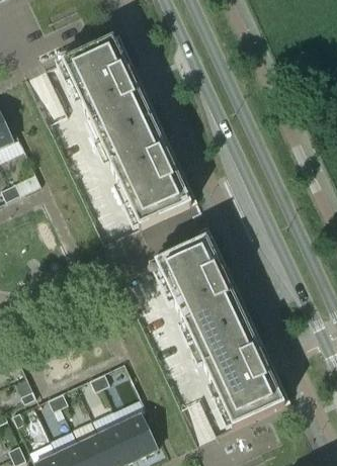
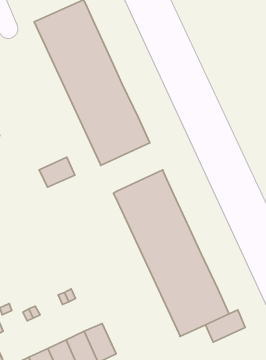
building: none -> [39,157,75,187]
building: none -> [206,310,245,342]

